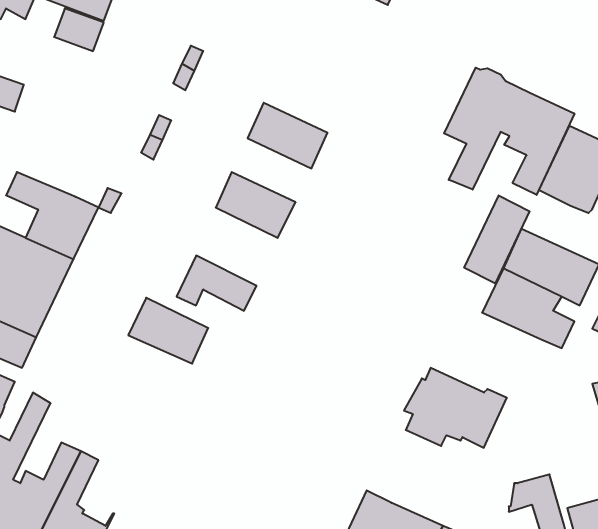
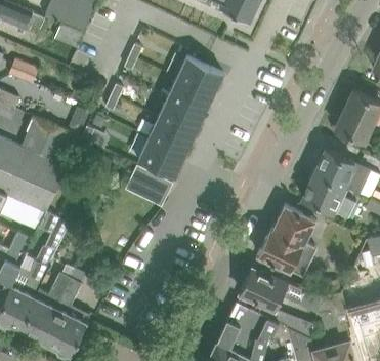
building: none -> [176,57,223,95]
building: [444,68,574,195] -> none
building: none -> [158,98,204,135]
building: [464,195,530,283] -> none
building: [128,298,208,364] -> [138,138,184,176]
building: none -> [272,206,315,245]
building: none -> [236,265,322,311]

